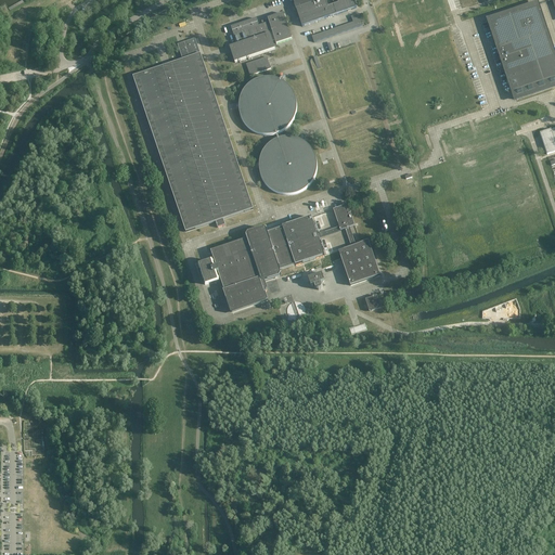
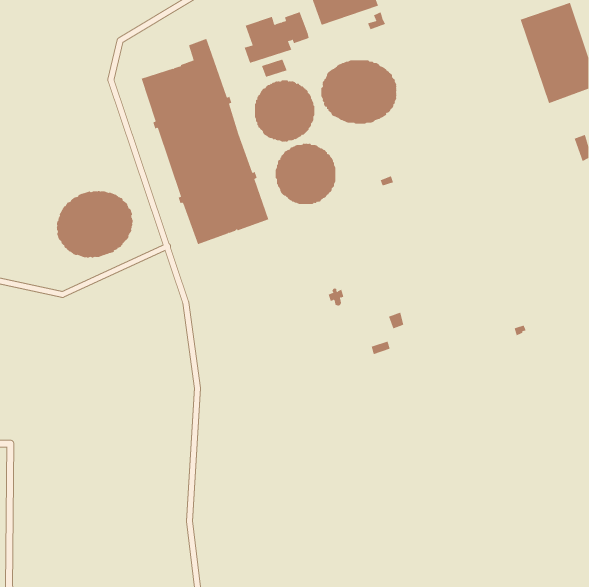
building: none -> [321,60,397,125]
building: none -> [56,190,133,259]
building: [198,203,379,309] -> none

